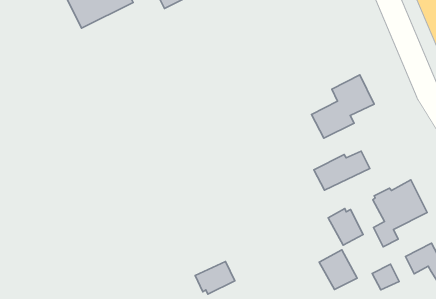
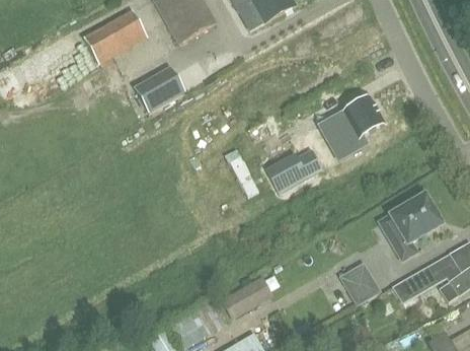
building: none -> [136,69,183,111]
building: [314,151,370,190] -> [267,151,321,191]
building: [328,209,363,245] -> none

